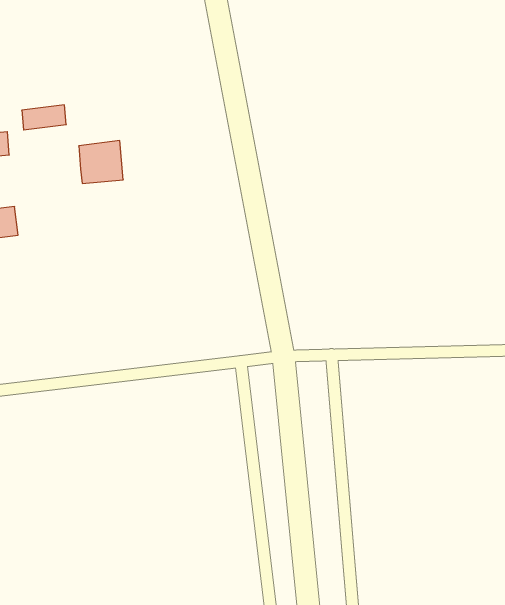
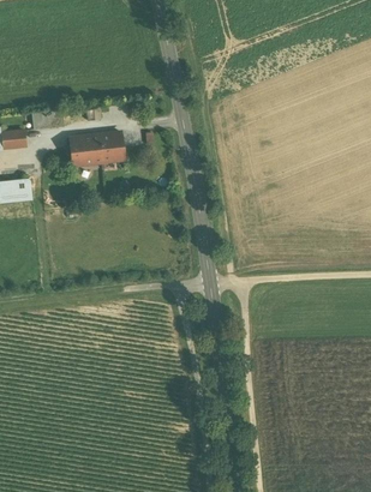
building: none -> [98,133,122,162]

